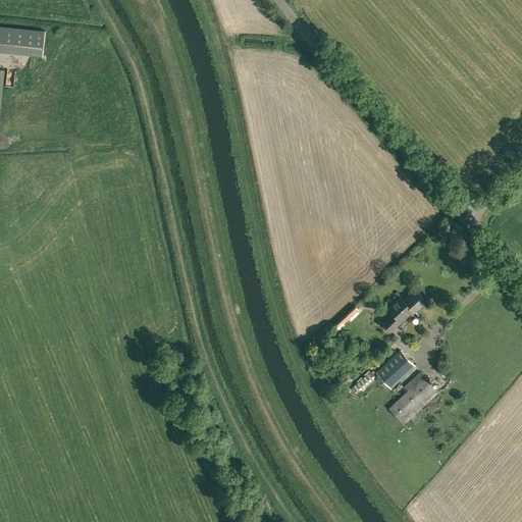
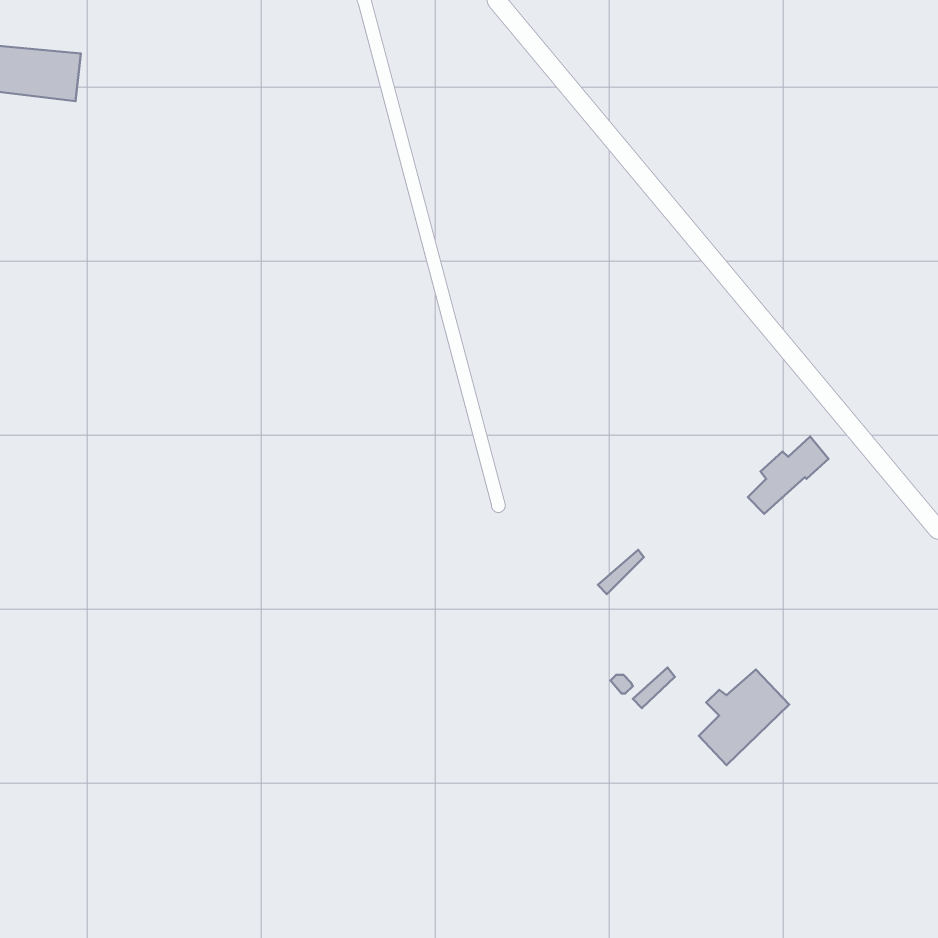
building: [380,290,425,332] -> [748,437,829,514]
building: [375,350,414,389] -> none

